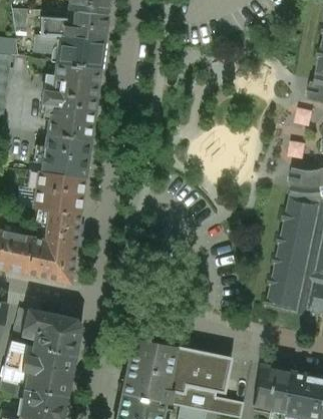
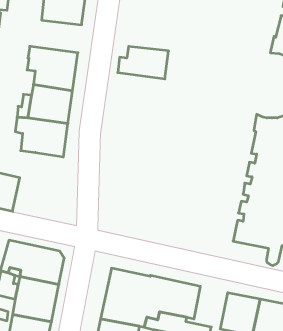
building: [43,63,99,99] -> [118,46,169,79]
building: [23,210,79,285] -> none

